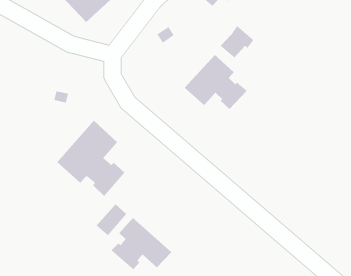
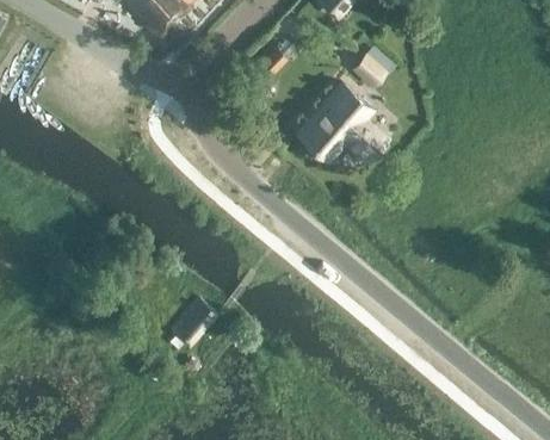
building: [56,120,125,197] -> none
building: [111,217,172,270] -> none

